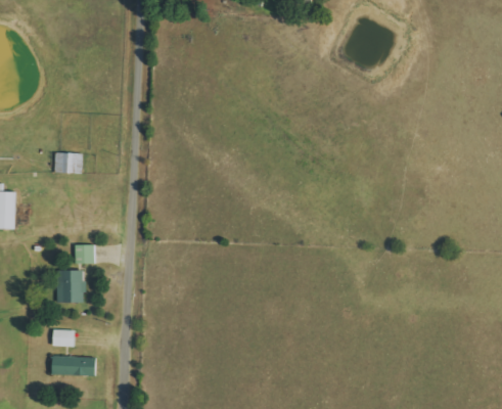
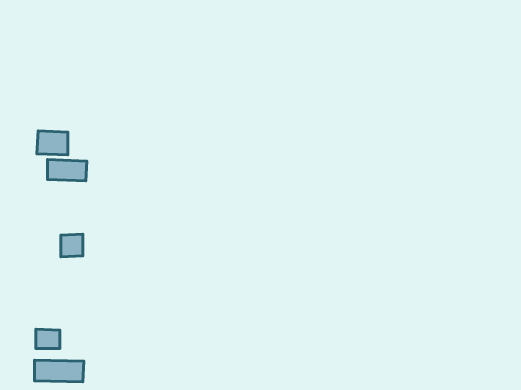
building: none -> [47,160,87,181]
building: [55,269,84,302] -> none

